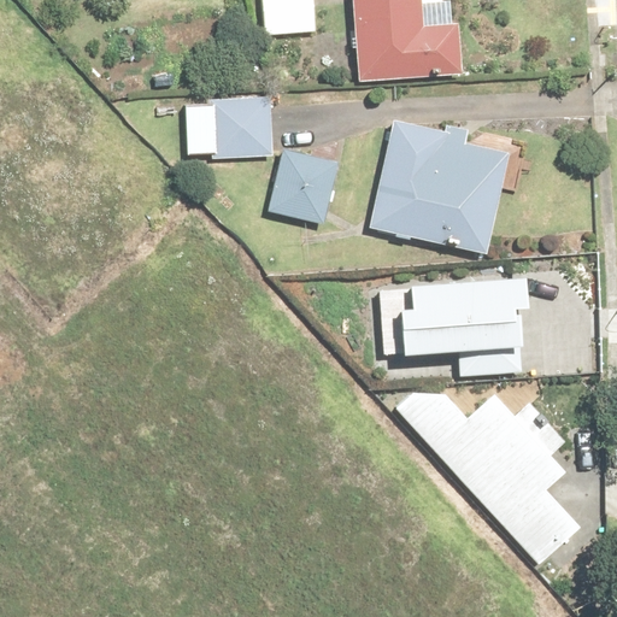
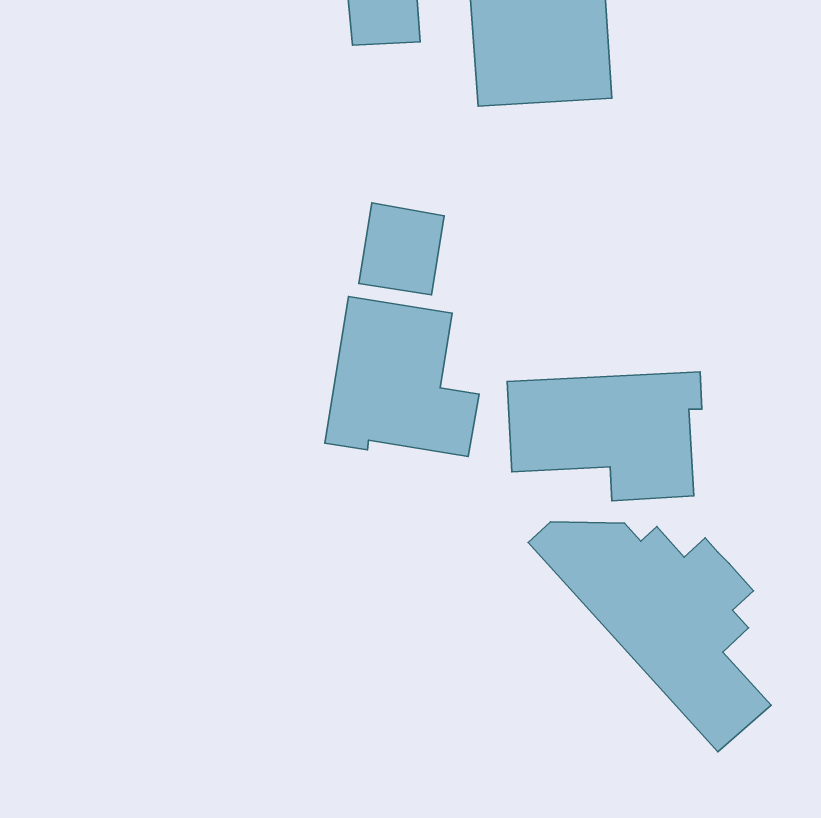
building: [186,96,274,160] -> none
building: [370,122,506,252] -> none
building: none -> [325,296,479,456]

